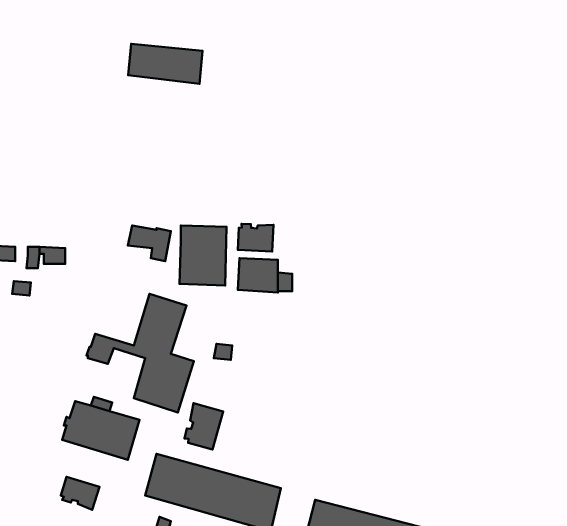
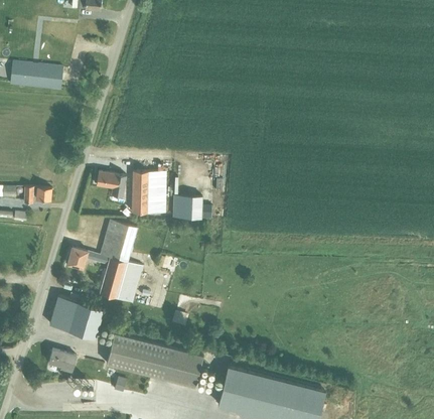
building: [128,44,203,84] -> [9,61,61,90]
building: [238,224,273,252] -> none
building: [184,403,223,449] -> none

